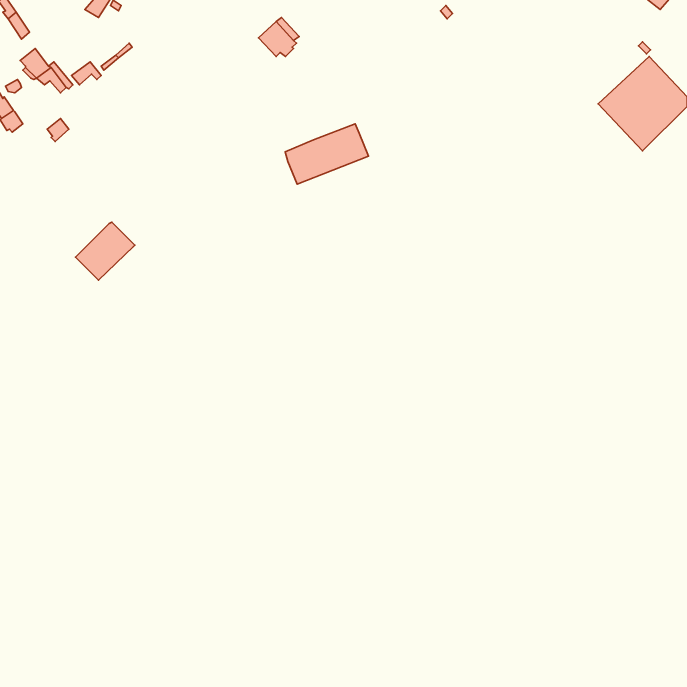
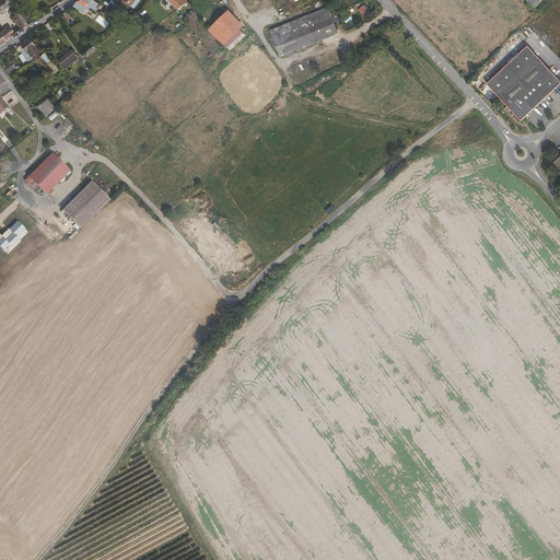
building: [285,124,369,184] -> [269,5,337,55]
building: none -> [26,152,69,194]

